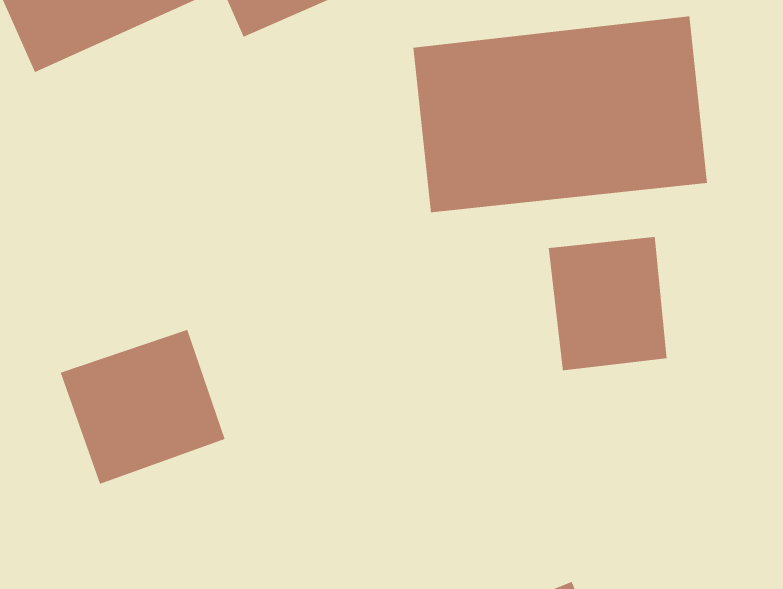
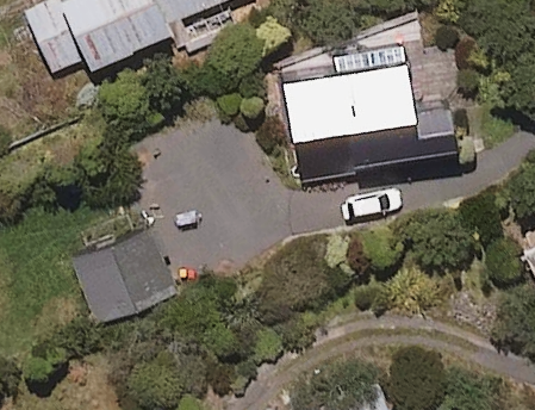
building: [548,236,667,371] -> none

